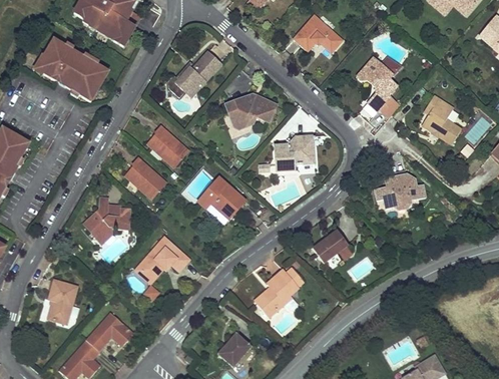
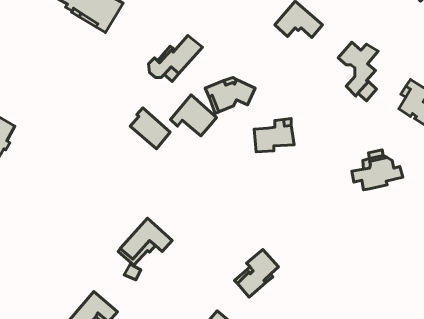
building: [34,38,108,101] -> none
building: [126,156,166,197] -> none
building: [199,175,246,218] -> [171,95,216,136]
building: [82,196,132,245] -> none
building: [314,229,350,262] -> none
building: [47,280,77,323] -> none

